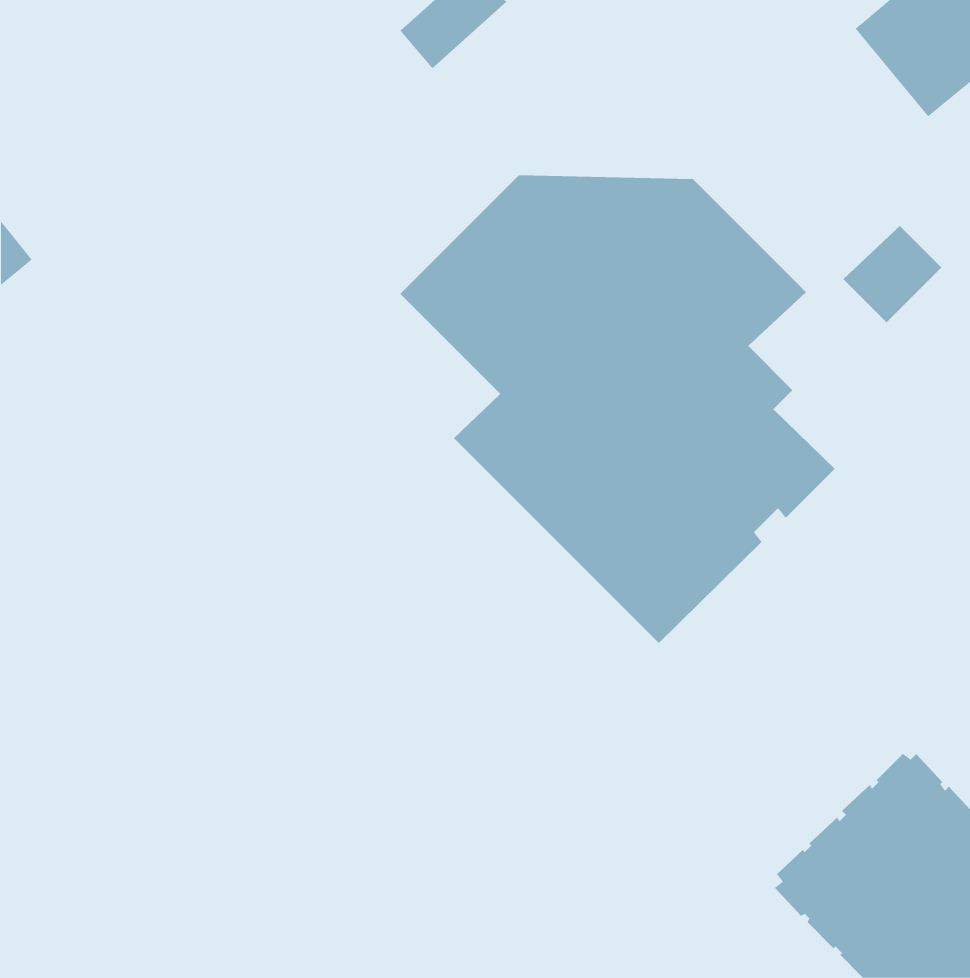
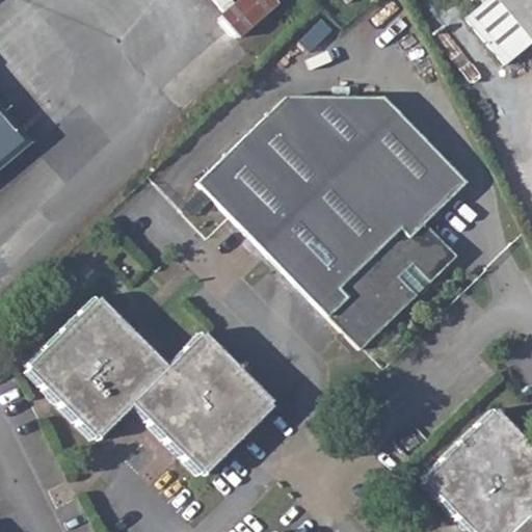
building: [842,225,942,323] -> [411,158,466,211]
building: none -> [198,159,276,237]
building: none -> [27,296,275,475]

